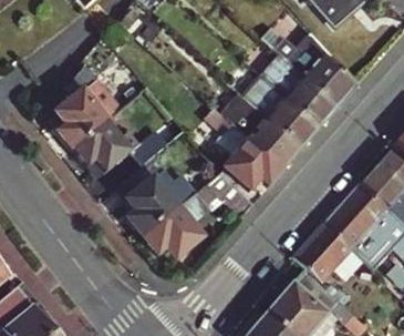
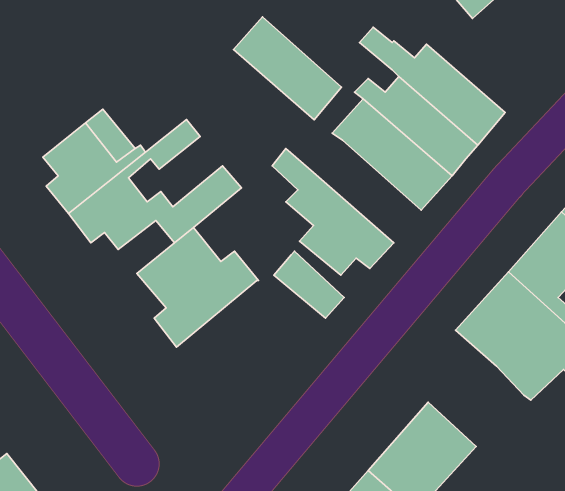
building: [231,101,301,167] -> [234,17,341,120]
building: [143,192,208,257] -> none
building: [294,224,350,279] -> none

